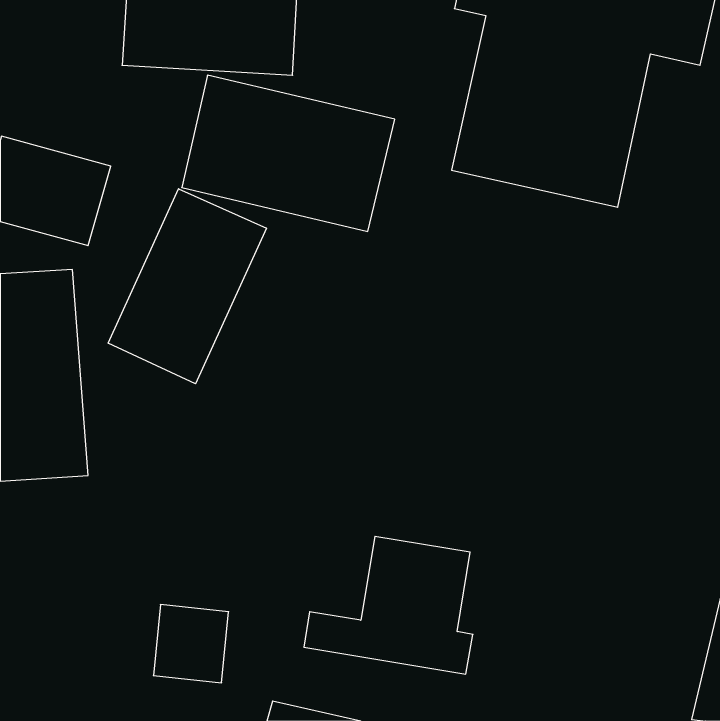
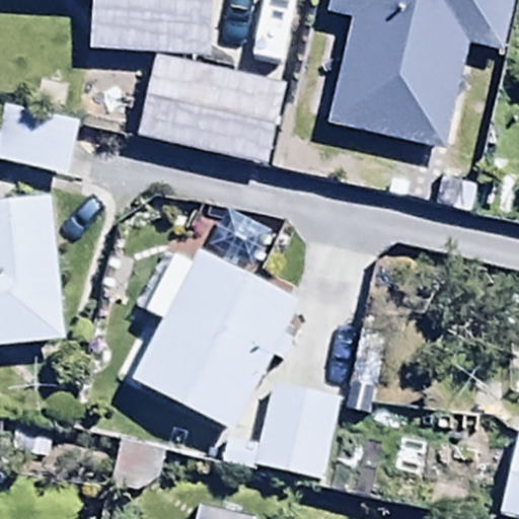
building: [108,189,266,384] -> none
building: none -> [132,247,299,430]

